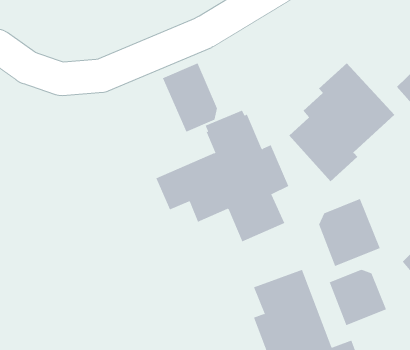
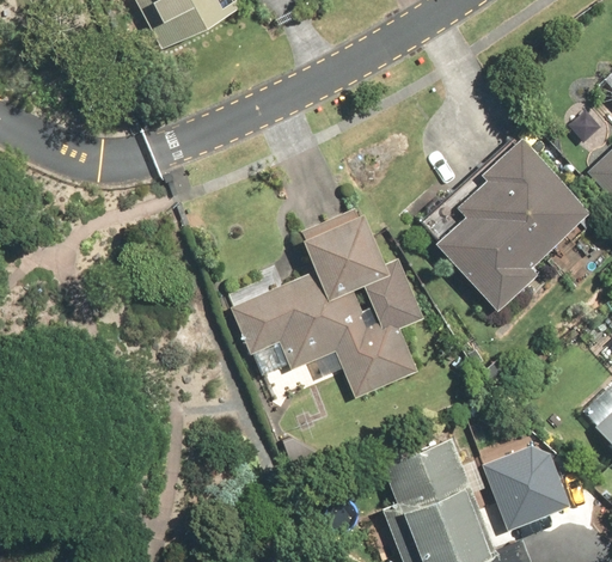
building: [162,62,217,133] -> none
building: [318,198,380,267] -> none

